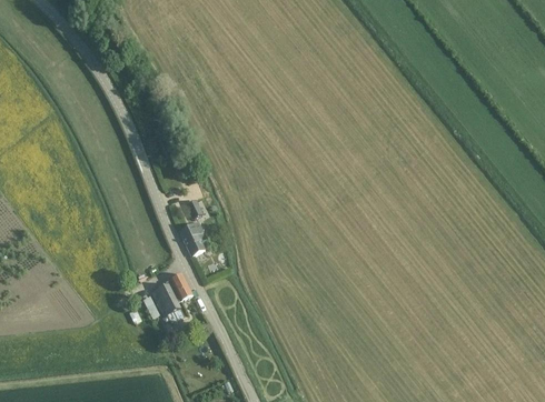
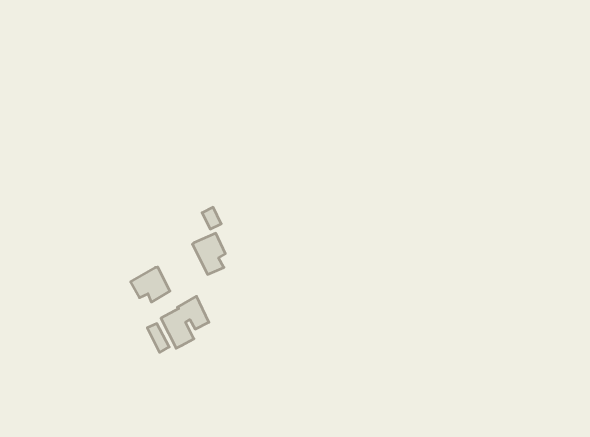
building: none -> [131,267,170,302]

